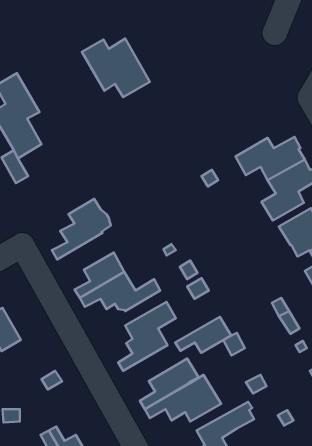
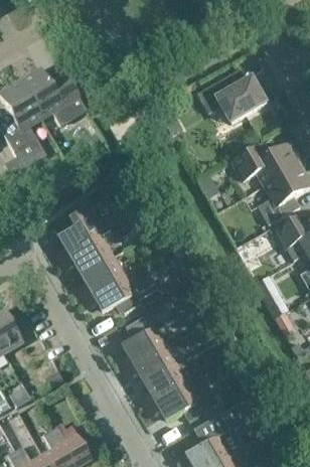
building: [82,38,150,97] -> [19,66,86,124]
building: none -> [197,67,267,122]
building: none -> [58,236,114,272]
building: [175,317,231,353] -> [123,345,177,380]

